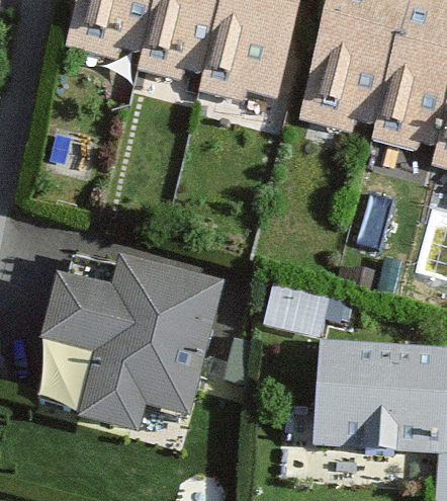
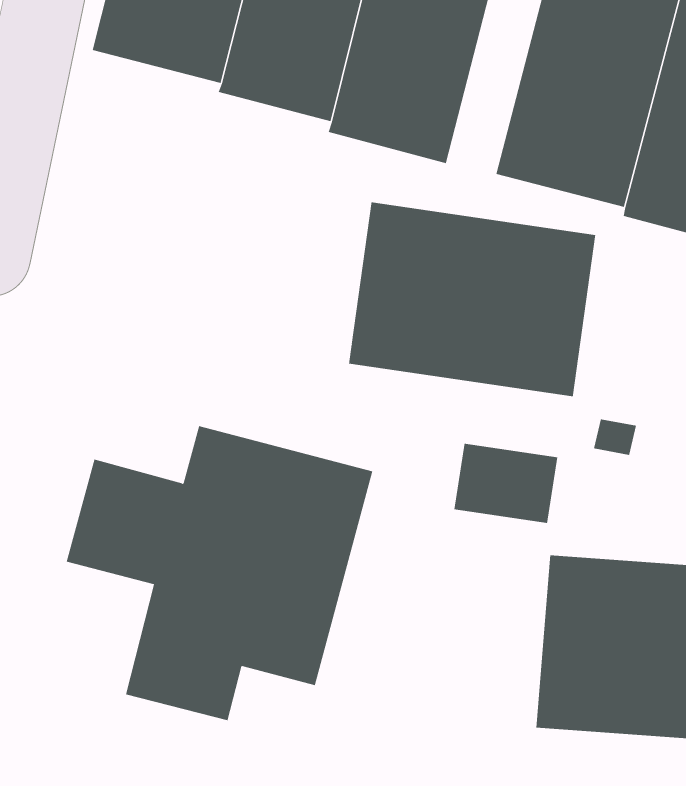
building: none -> [349,201,596,397]

